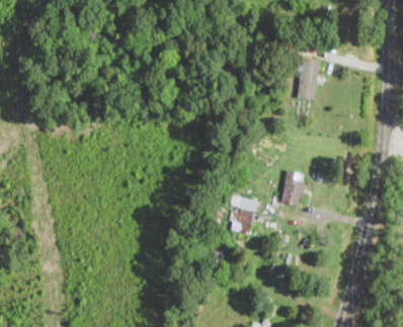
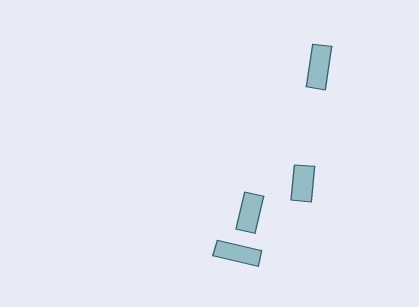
building: none -> [213,240,261,266]

